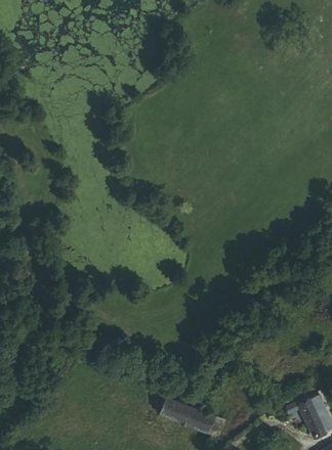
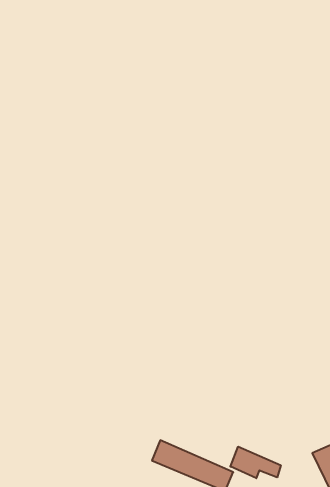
building: none -> [230,447,281,478]

